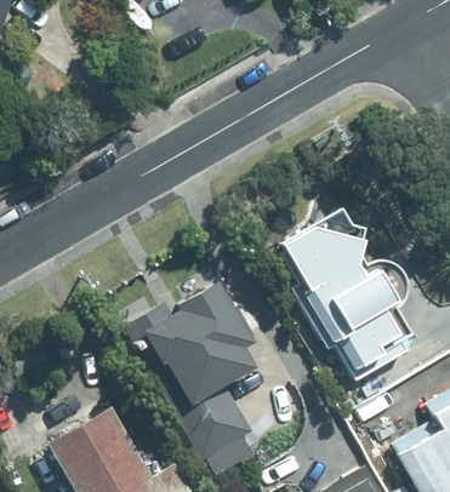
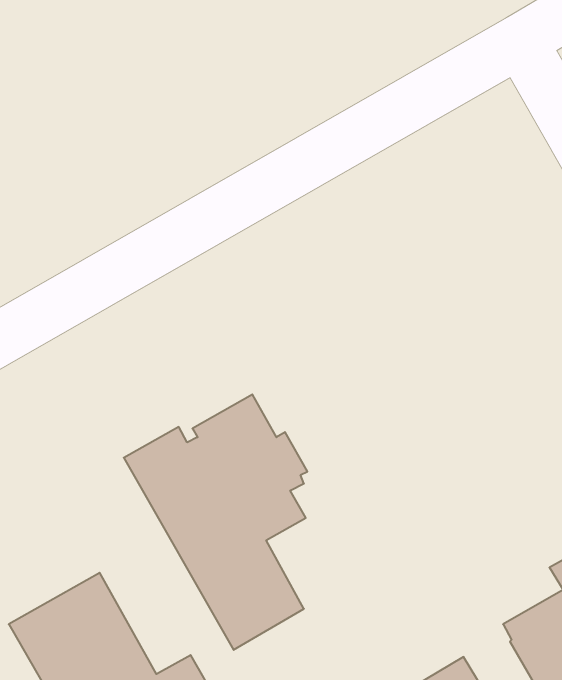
building: [279,225,411,382] -> none

